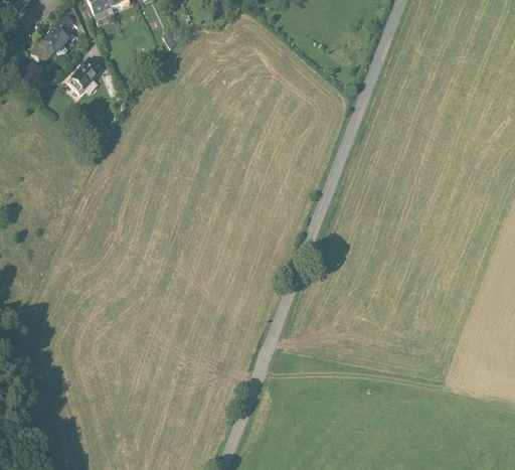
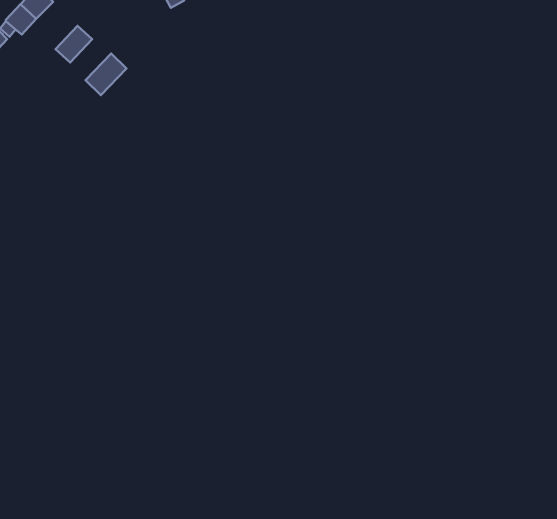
building: none -> [86,53,126,95]

